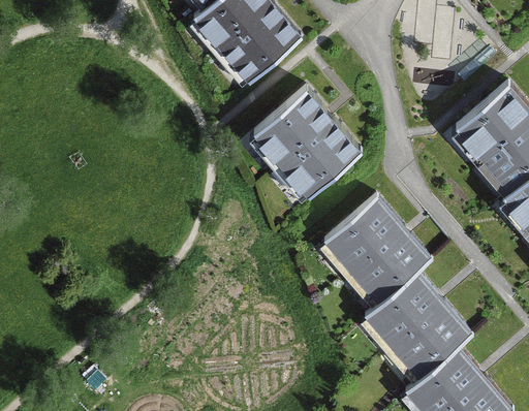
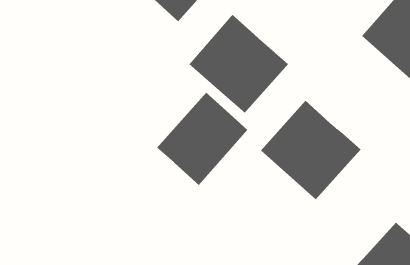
building: none -> [156,92,248,186]
building: [362,272,473,384] -> none

